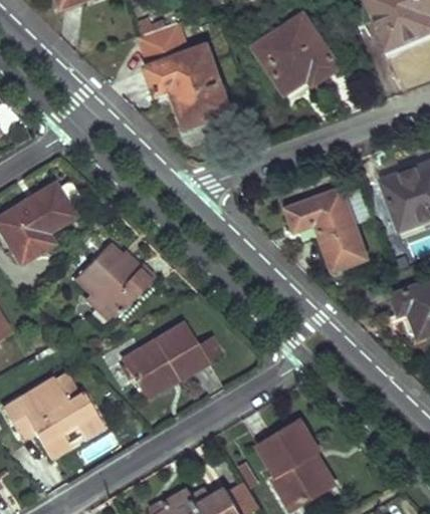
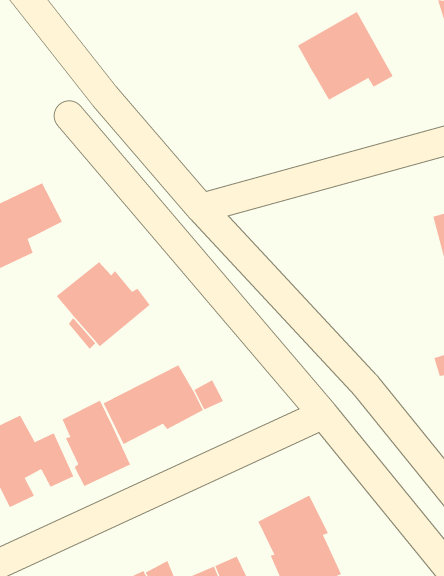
building: [139,23,230,123] -> none
building: [288,191,366,271] -> none
building: none -> [62,400,131,487]

